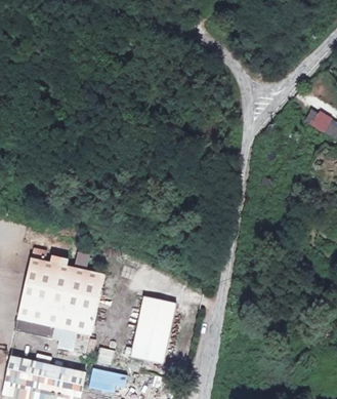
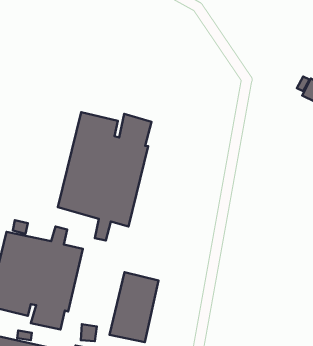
building: none -> [58,112,151,240]

